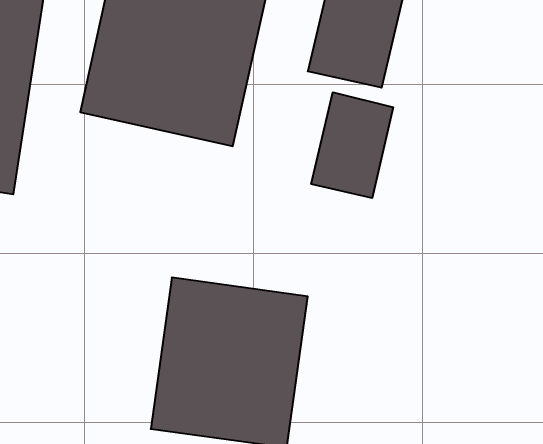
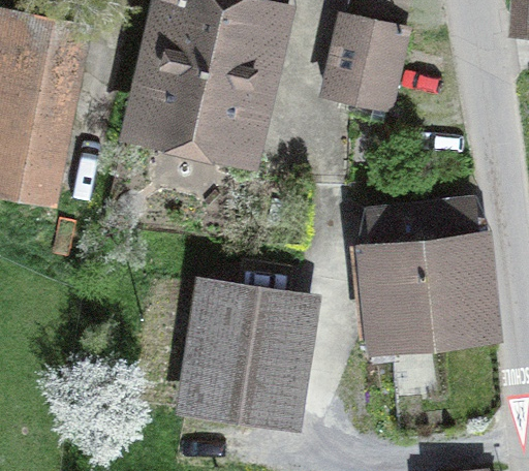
building: [311,92,393,198] -> none
building: none -> [361,234,498,359]

